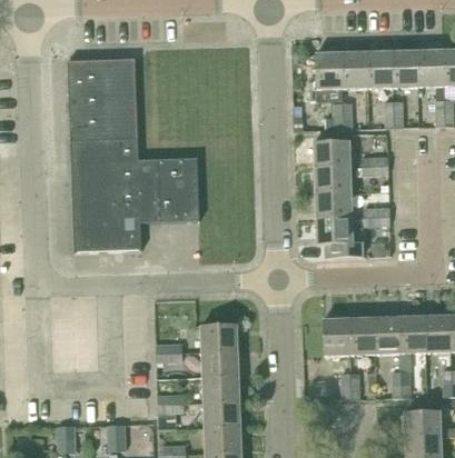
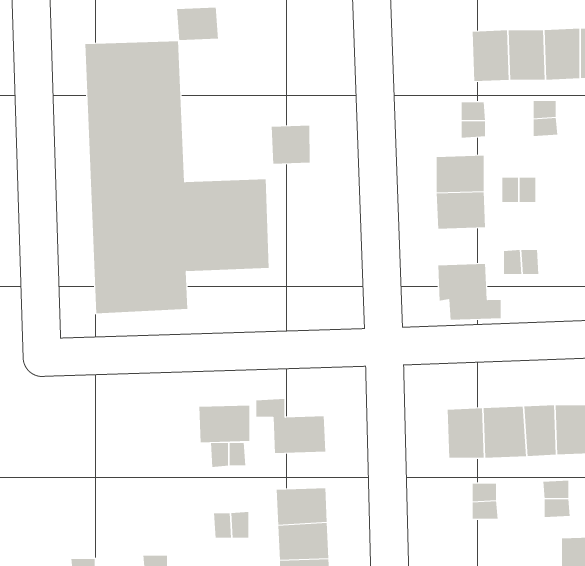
building: none -> [176,7,218,41]
building: [316,52,343,88] -> none
building: none -> [271,125,310,165]
building: [317,191,352,218] -> none
building: [201,350,238,377] -> [198,405,250,443]

